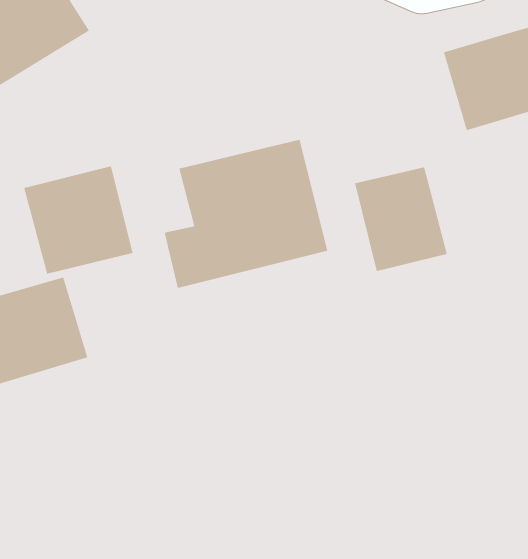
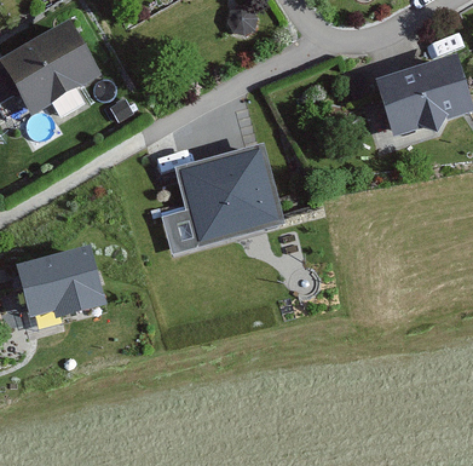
building: [24,166,133,275] -> none
building: [354,166,448,272] -> none

